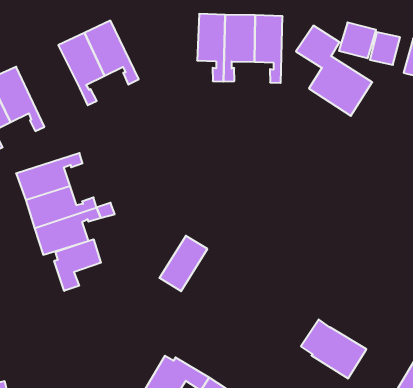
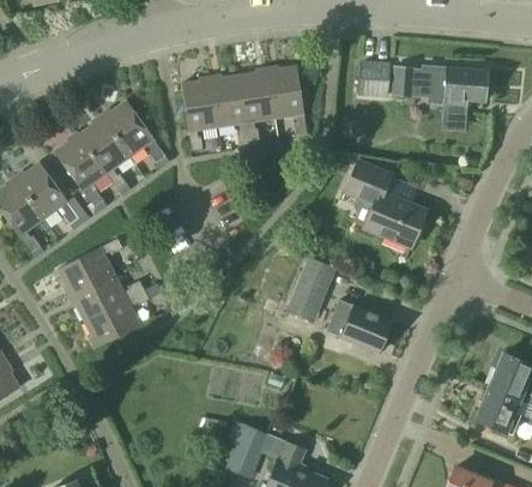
building: none -> [181,78,219,150]
building: [296,26,372,116] -> [345,162,427,246]
building: none -> [54,133,107,205]
building: [159,236,207,291] -> [292,260,335,317]
building: [54,239,101,291] -> none
building: [301,319,366,378] -> [328,299,394,353]

